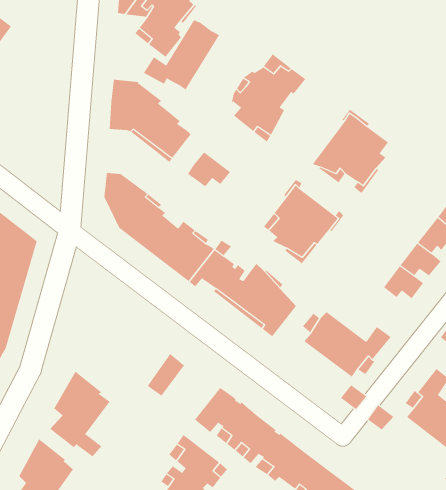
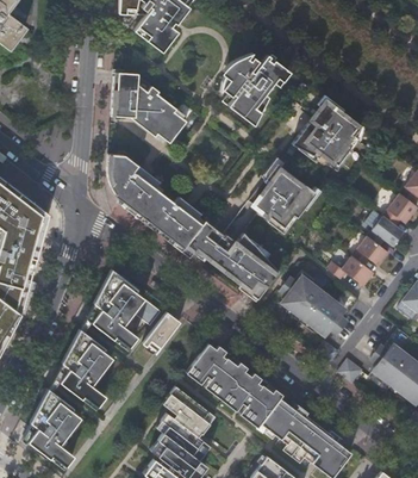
building: [143,20,220,90] -> none
building: [187,151,231,187] -> none
building: none -> [329,255,374,285]
building: none -> [92,275,162,347]

